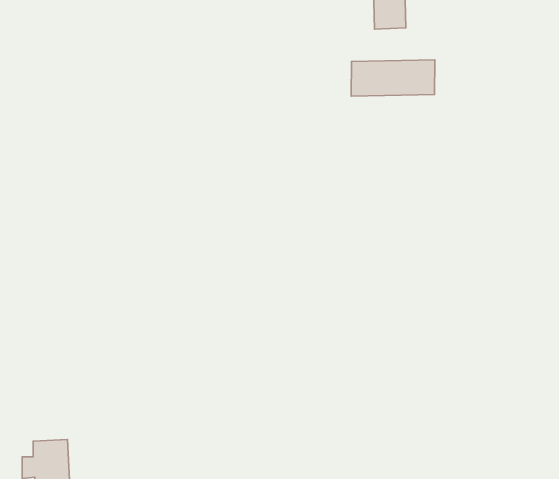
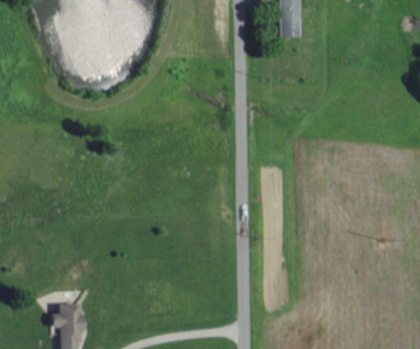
building: [351,60,435,96] -> none

